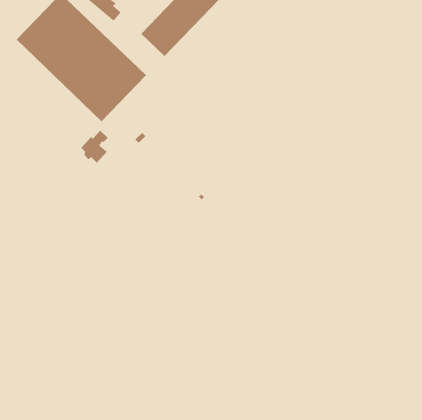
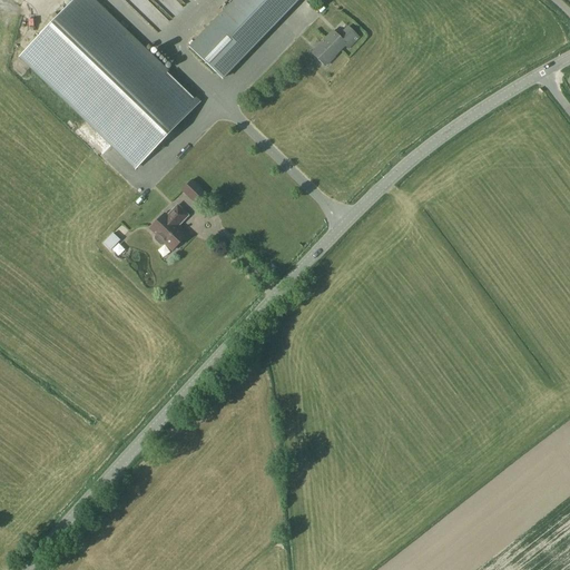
building: none -> [312,24,358,63]
building: [80,130,108,164] -> [150,203,188,248]

